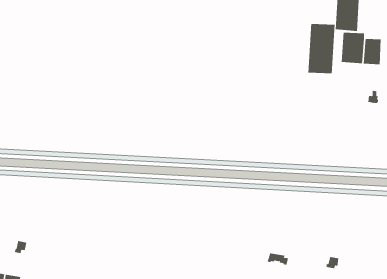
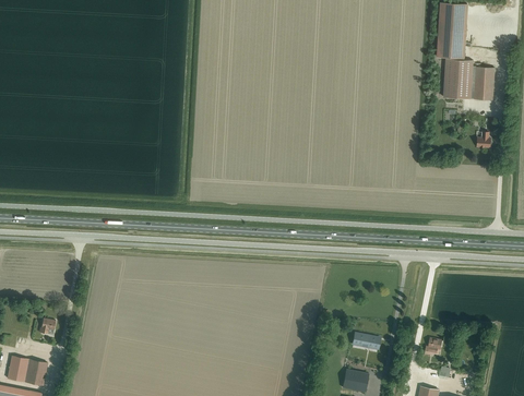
building: [308,23,335,74] -> none

